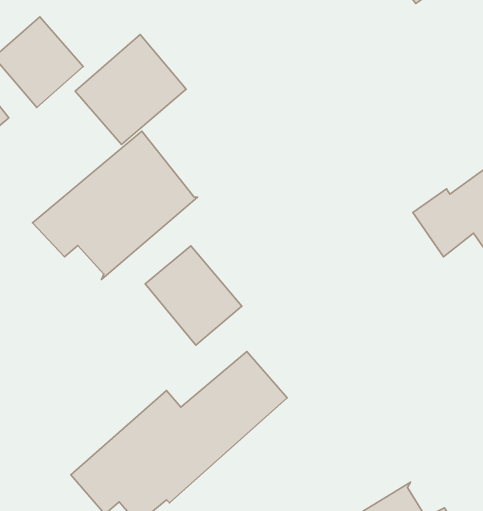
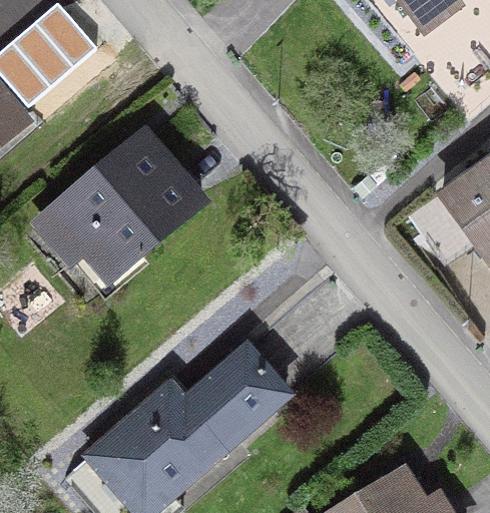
building: [75,35,186,145] -> none
building: [145,246,242,345] -> none

